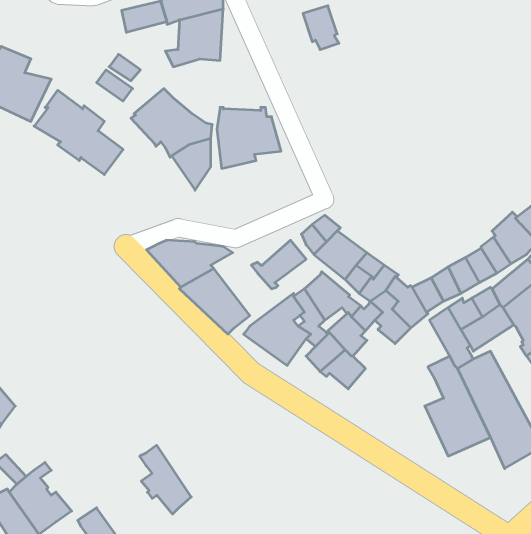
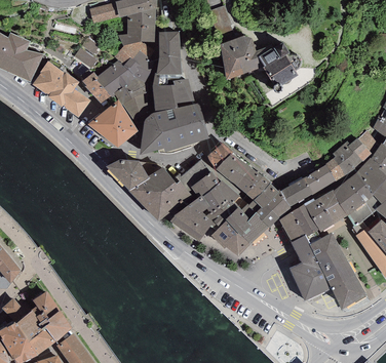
building: none -> [156,32,181,75]
building: none -> [220,36,301,92]
building: none -> [114,41,154,84]
building: none -> [81,72,111,104]
building: none -> [87,99,138,148]
building: none -> [140,104,208,155]
building: none -> [148,168,191,209]
building: none -> [190,171,220,198]
building: none -> [241,212,269,244]
building: none -> [279,212,305,243]
building: [140,445,191,514] -> [35,292,69,337]

